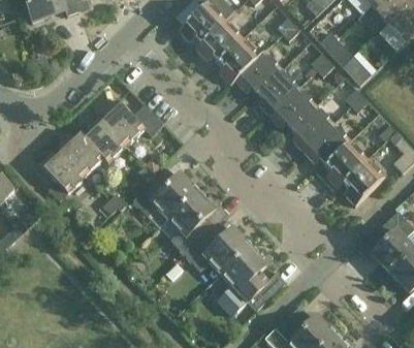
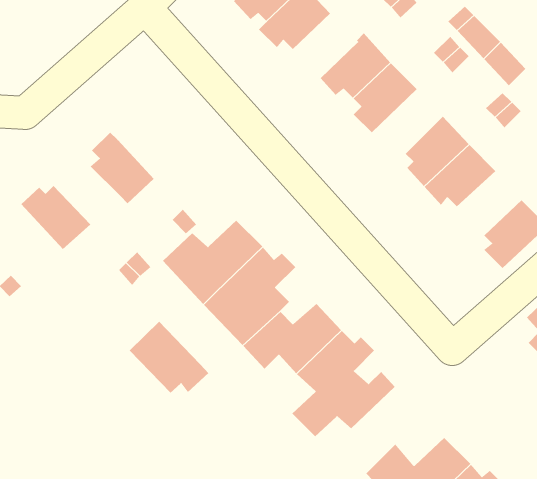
building: [217,37,259,84] -> none
building: [268,87,315,129] -> none
building: [102,98,162,146] -> none
building: [56,132,103,176] -> none
building: [324,140,367,187] -> none
building: none -> [129,321,209,394]

